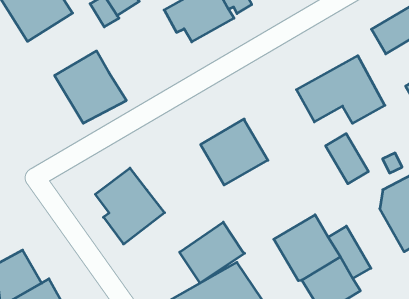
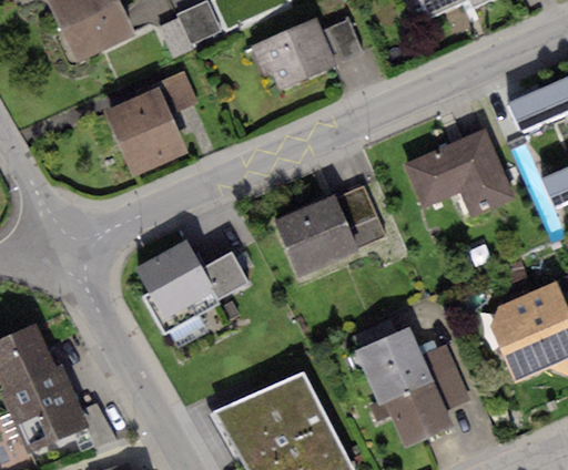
building: none -> [158,68,200,114]
building: [326,134,368,184] -> [336,185,386,248]
building: none -> [202,249,250,298]
building: [180,222,245,283] -> none

